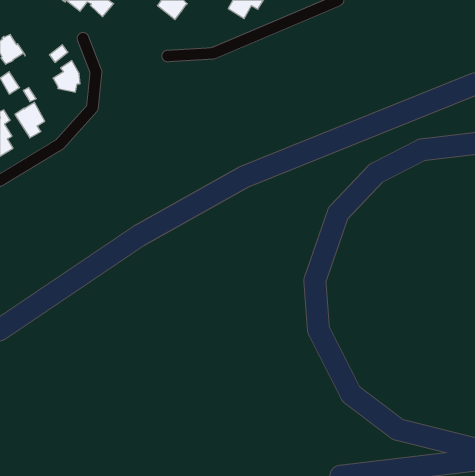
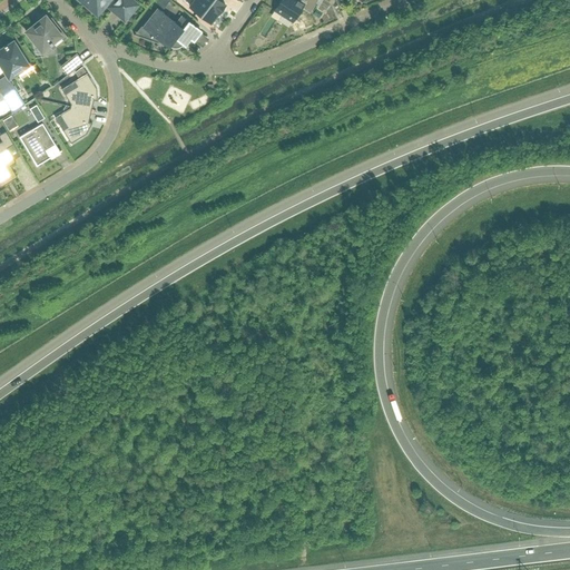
building: none -> [132,8,199,47]
building: none -> [24,16,65,50]
building: none -> [58,106,90,142]

